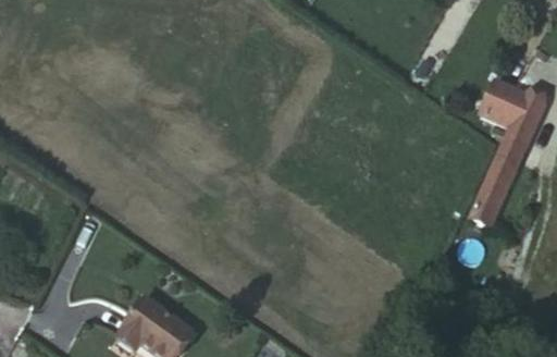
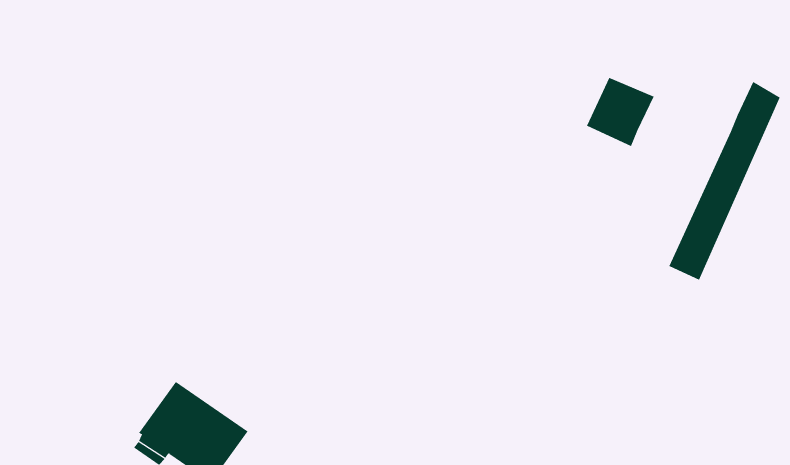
building: [482,79,528,126] -> [586,77,654,147]

